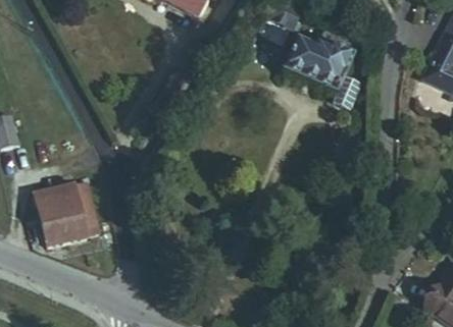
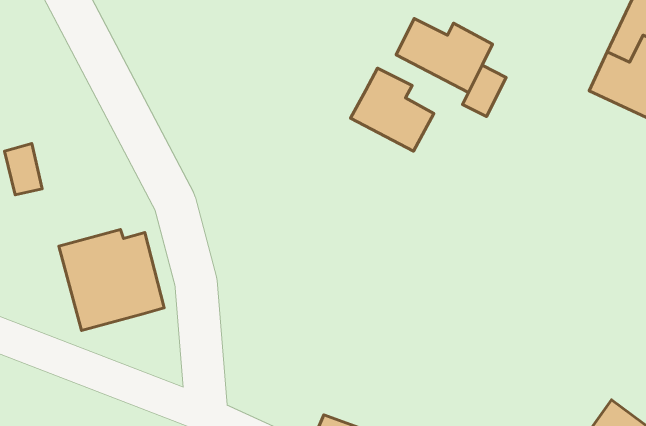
building: none -> [351,68,434,151]

